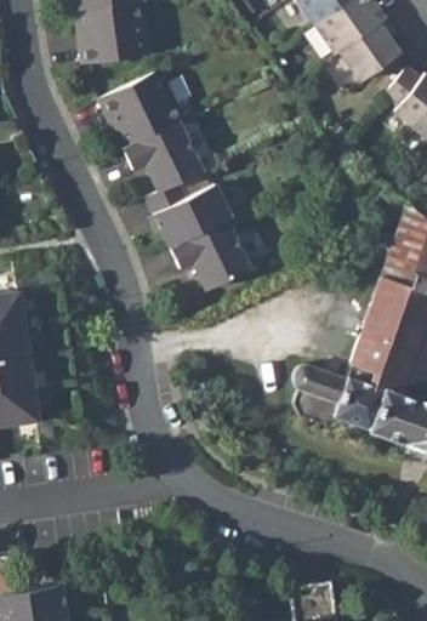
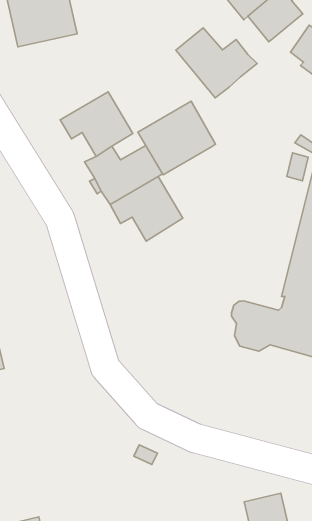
building: none -> [176,28,257,98]
building: [99,69,184,148] -> [138,101,216,175]

